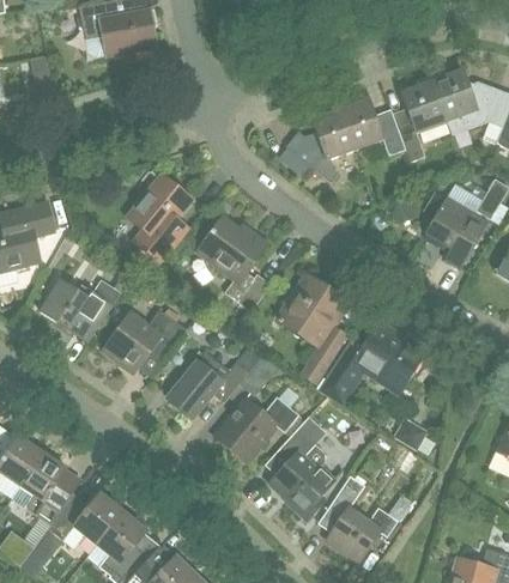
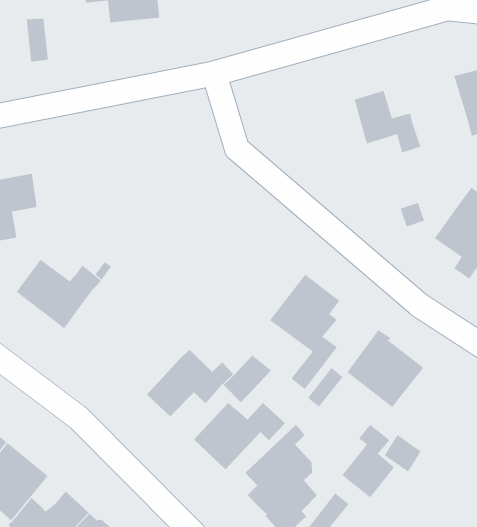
building: [396,80,447,162] -> none
building: [285,109,355,182] -> none
building: [129,176,190,275] -> none
building: [196,217,271,311] -> none
building: [103,309,186,372] -> none
building: none -> [341,424,395,498]

